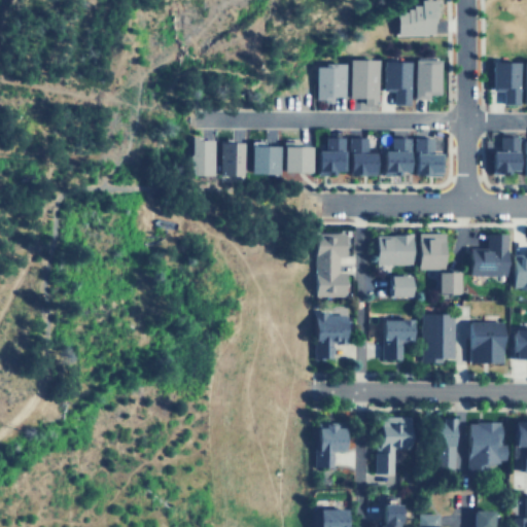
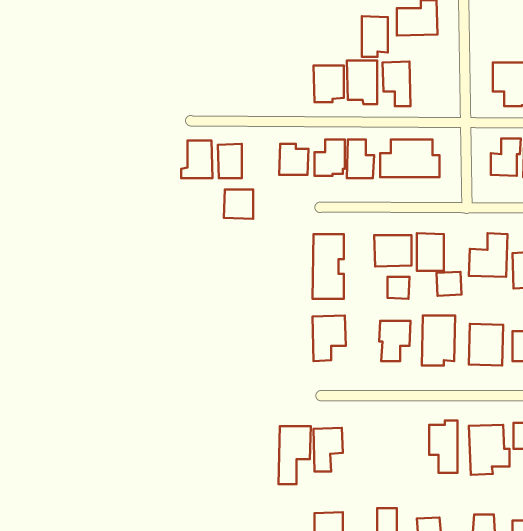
building: [419,60,445,100] -> [362,16,388,57]
building: [252,147,281,176] -> [224,190,253,219]
building: [382,416,414,473] -> [279,426,311,484]

